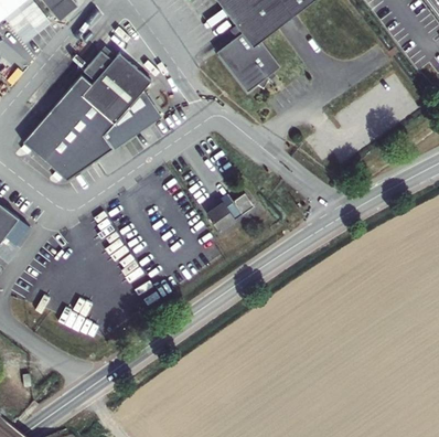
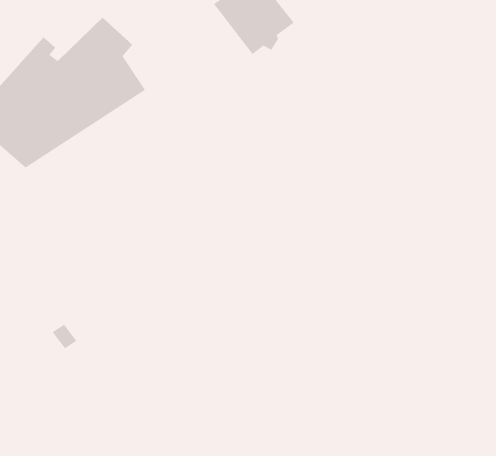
building: [82,47,127,90] -> none
building: [212,191,259,232] -> none

